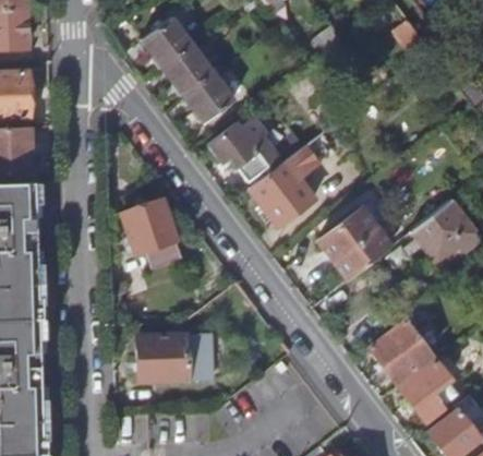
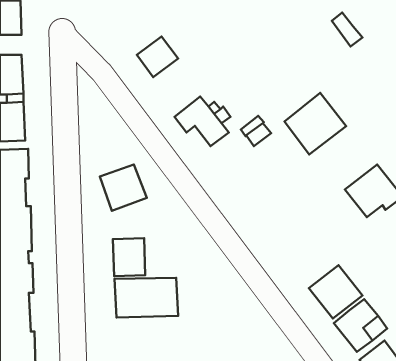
building: [141,17,193,70] -> none
building: [183,74,232,122] -> none
building: [249,160,314,226] -> none
building: [317,206,390,279] -> [284,93,346,155]
building: none -> [113,238,145,276]

